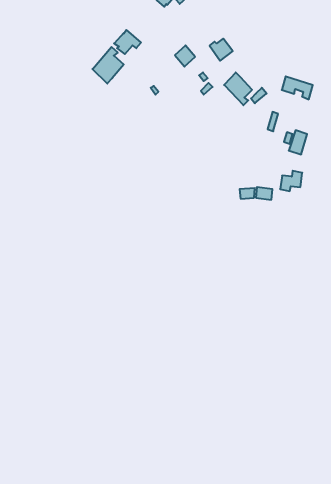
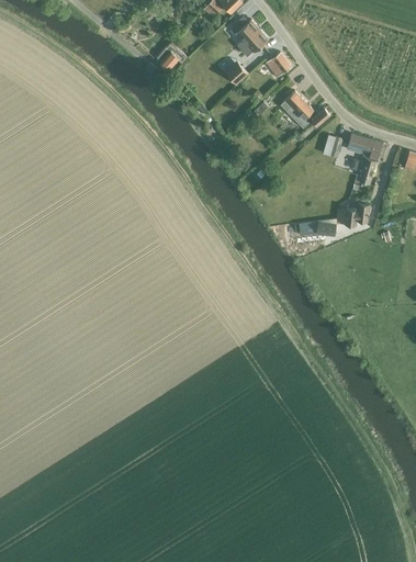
building: none -> [231,19,268,55]
building: [92,47,124,84] -> none
building: [282,76,313,99] -> [346,133,381,159]

